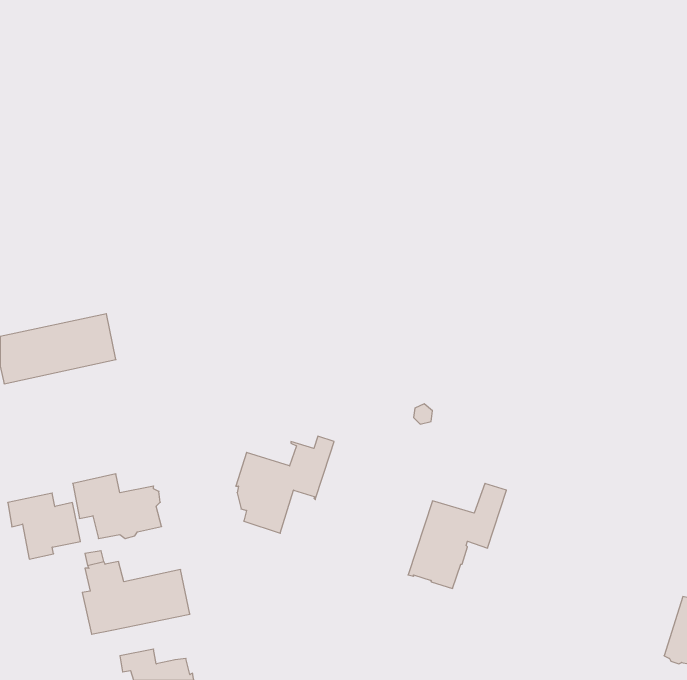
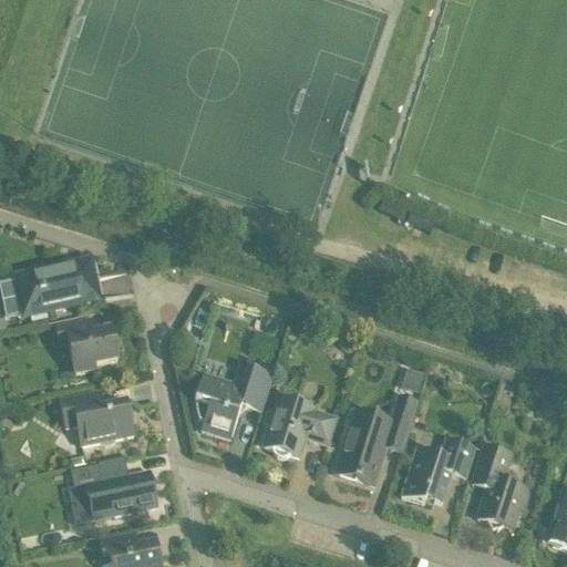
building: none -> [265,396,336,456]
building: [8,493,80,559] -> [58,317,117,371]
building: none -> [402,437,475,503]
building: none -> [474,444,529,528]

